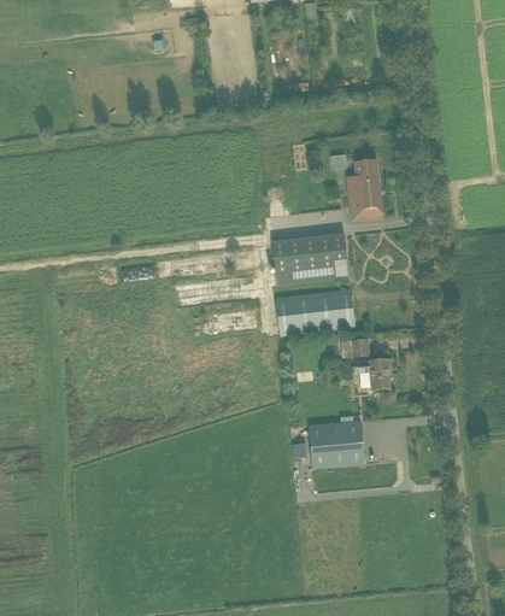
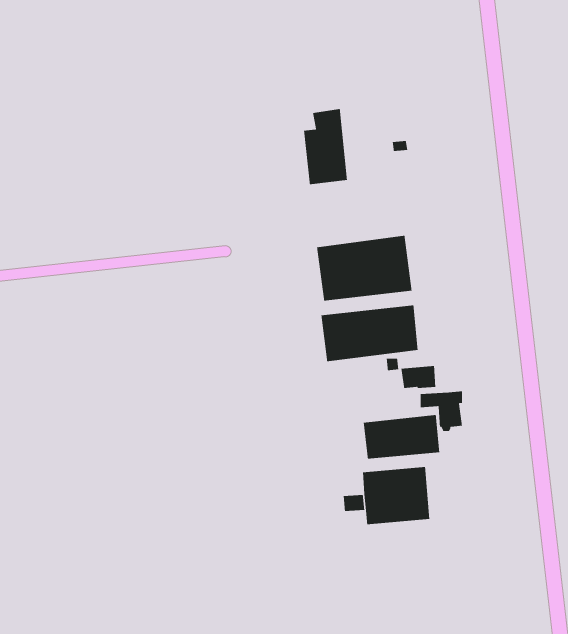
building: [346,158,382,221] -> [303,108,348,185]
building: none -> [363,414,440,459]

